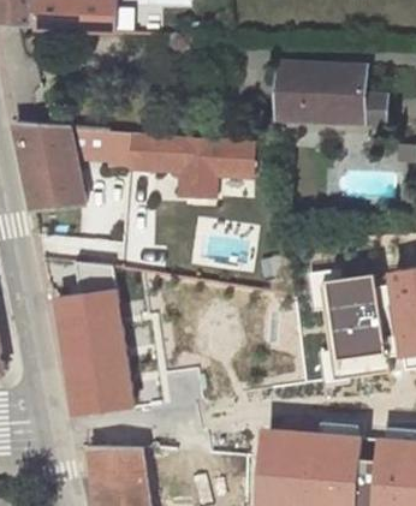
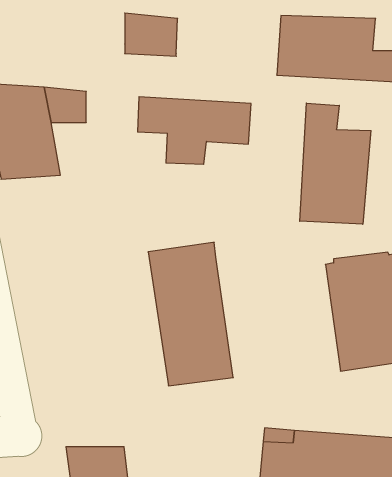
building: [108,131,155,169] -> [125,13,178,56]
building: none -> [300,103,371,224]
building: [58,288,133,416] -> [148,242,233,386]

